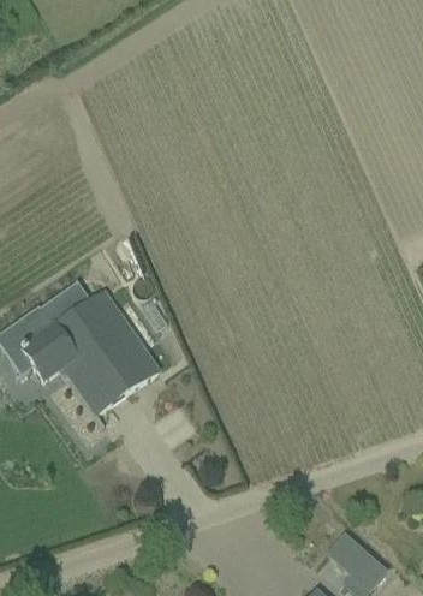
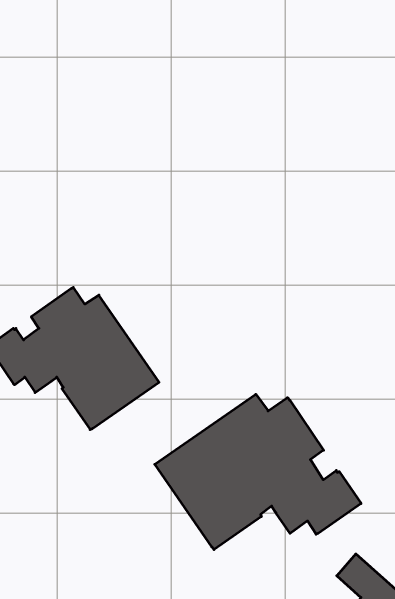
building: none -> [155,394,361,550]

